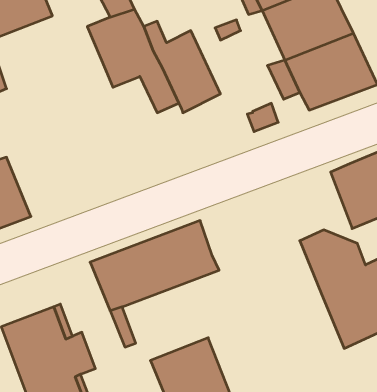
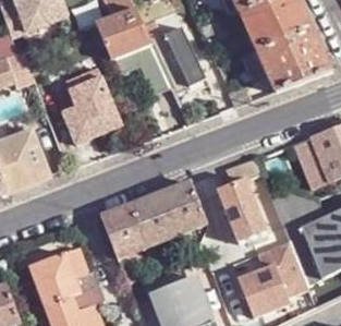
building: none -> [64,68,122,143]
building: none -> [216,155,261,241]
building: none -> [236,239,306,314]

